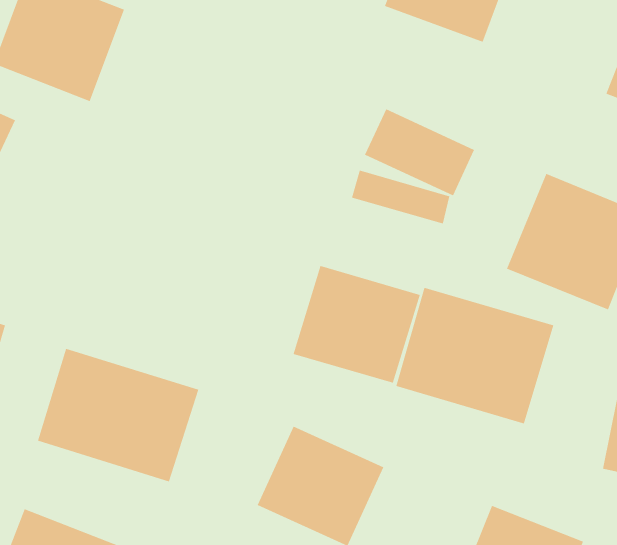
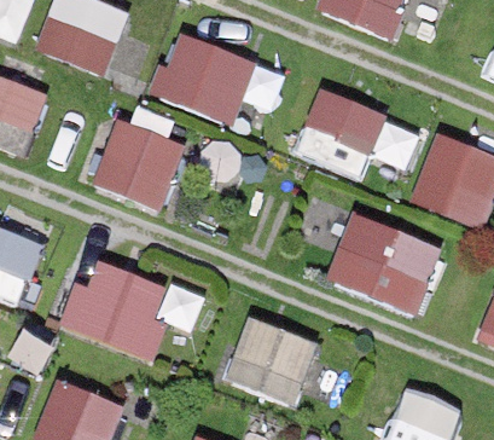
building: none -> [155,35,250,120]
building: none -> [93,118,187,213]
building: [293,265,420,384] -> none

